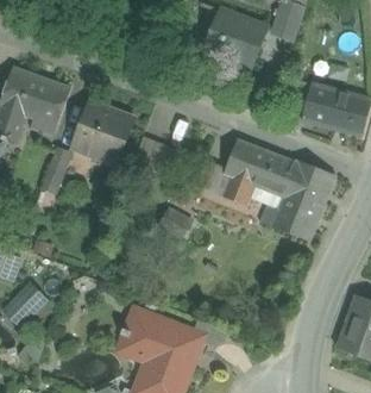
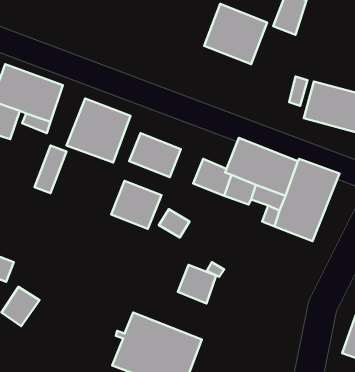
building: none -> [111,181,161,229]
building: none -> [178,265,216,303]

